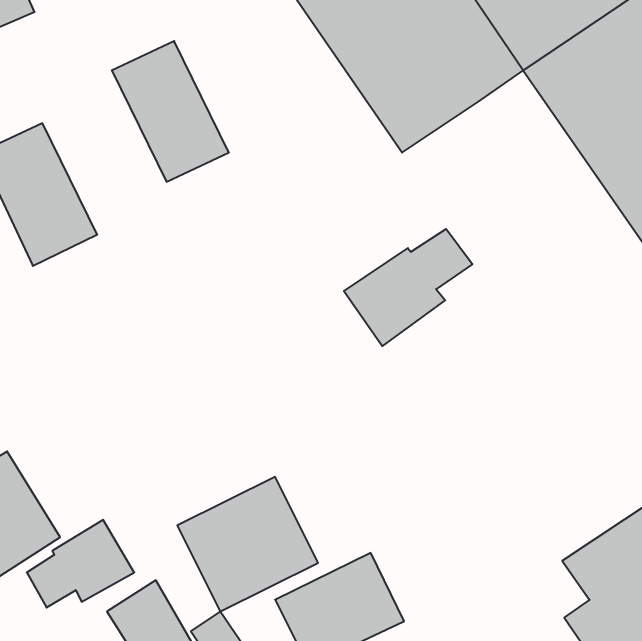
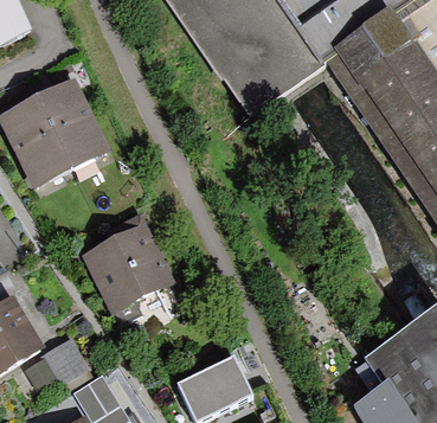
building: [112,41,229,182] -> [36,78,107,164]
building: [344,229,472,346] -> none
building: [177,477,318,612] -> [84,225,169,307]

